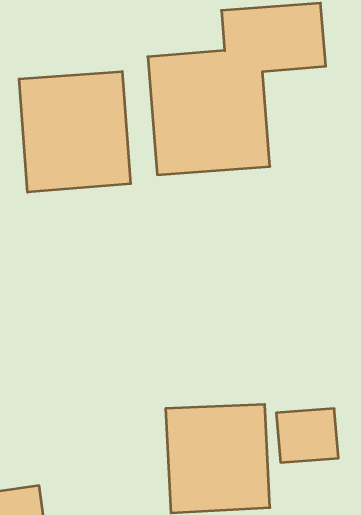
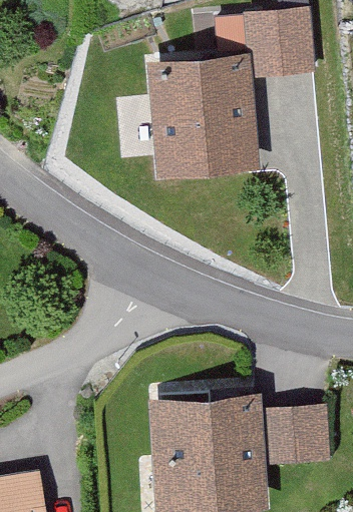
building: [19,71,131,192] -> none

